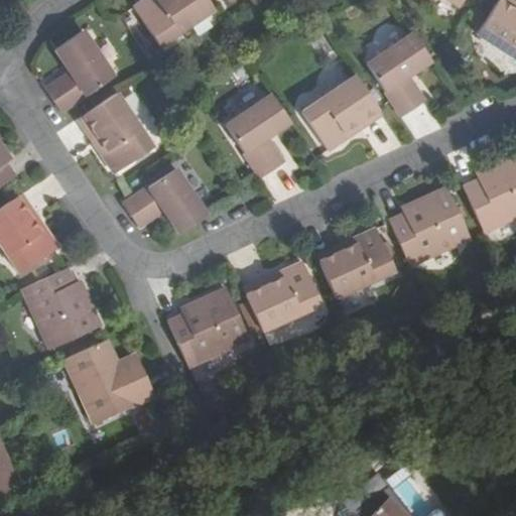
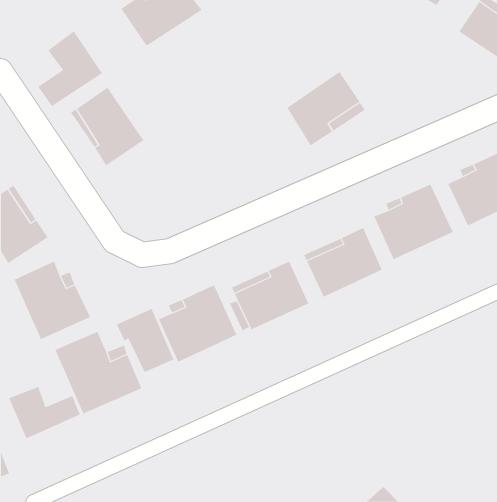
building: [367,30,429,115] -> none
building: [224,93,289,177] -> none
building: [123,167,207,231] -> none
building: none -> [116,308,174,373]
building: none -> [8,386,81,439]

